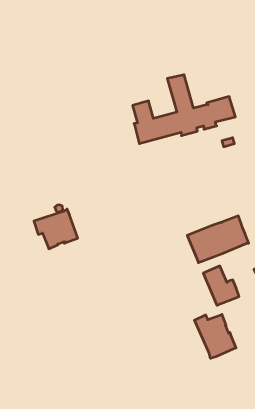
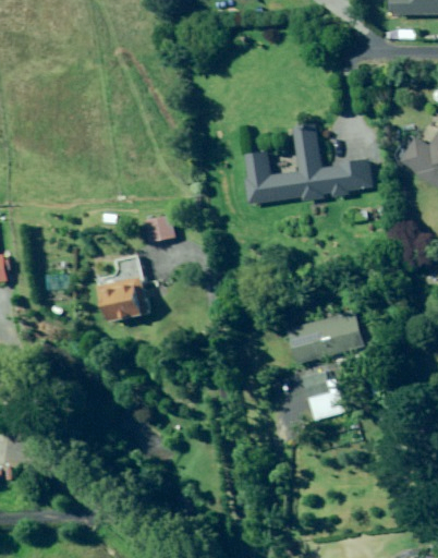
building: none -> [143,215,174,242]
building: [194,314,236,358] -> none

